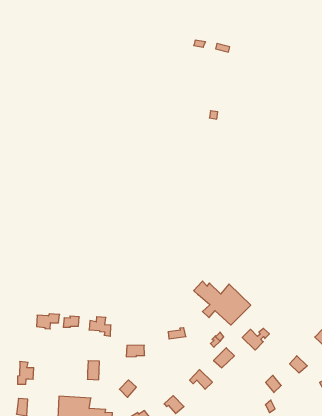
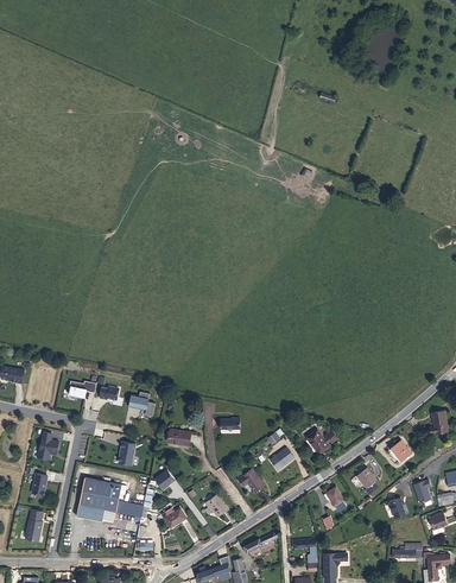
building: [194,281,251,325] -> none

